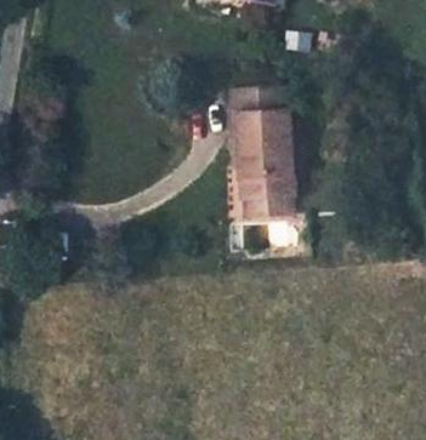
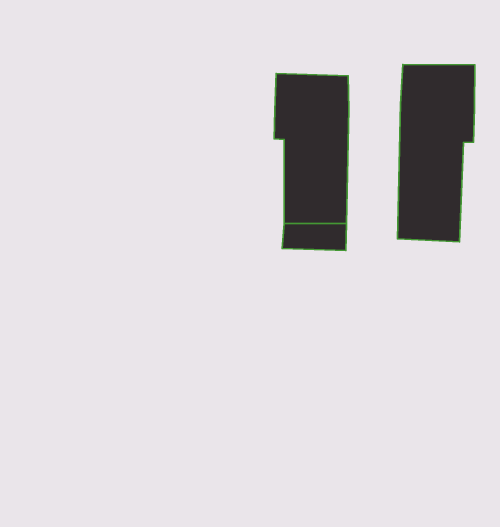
building: none -> [398,64,475,242]

